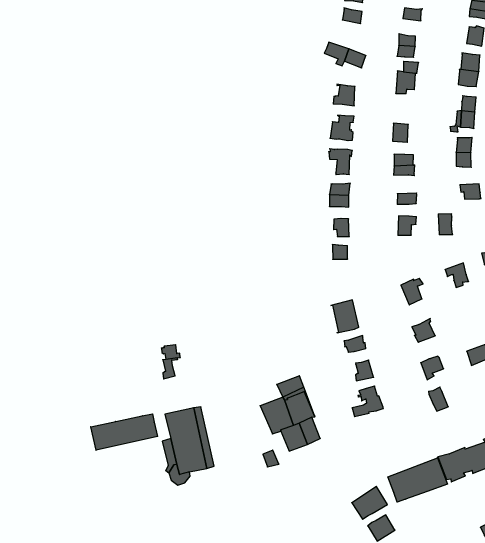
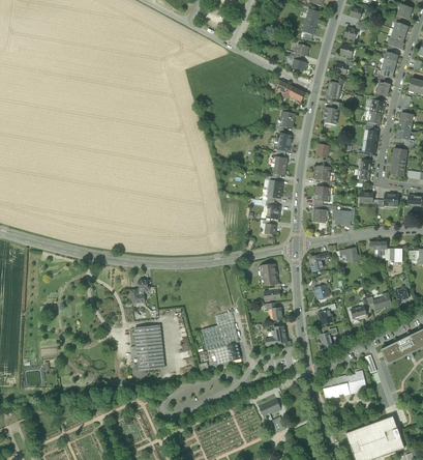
building: [91,414,158,450] -> none
building: [388,458,447,502] -> none

